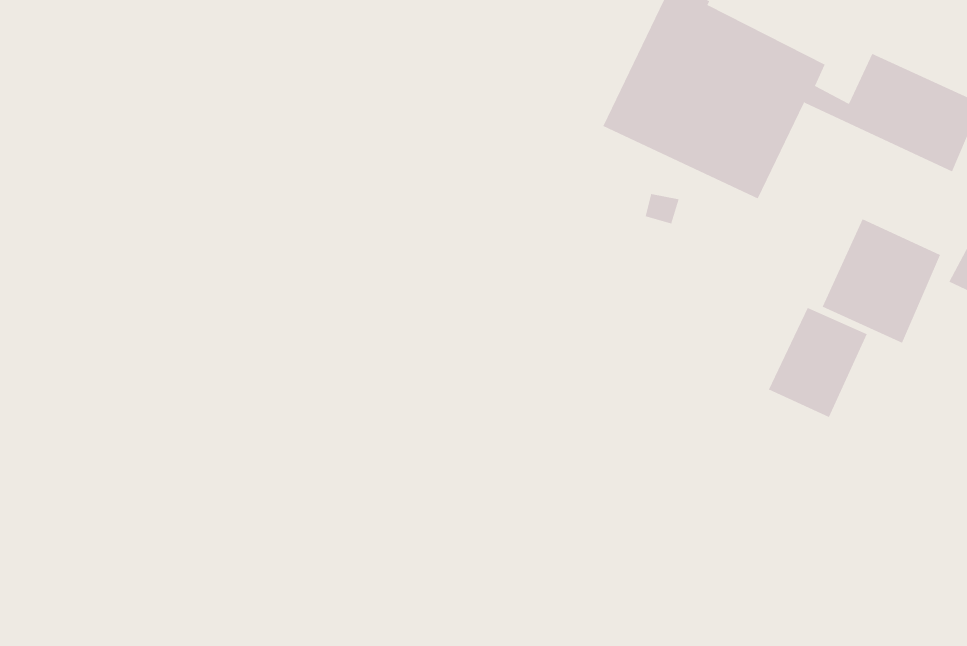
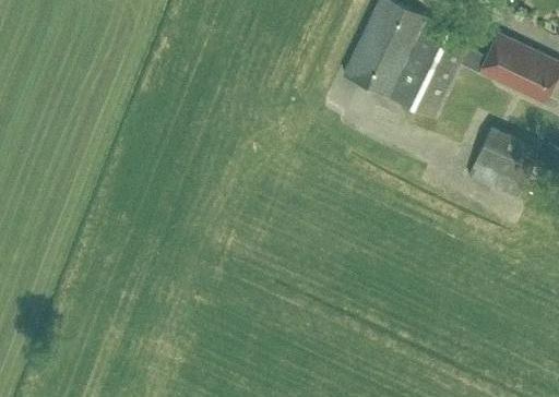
building: [768,307,867,418] -> none

